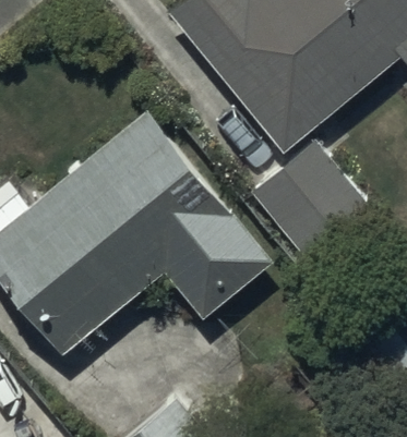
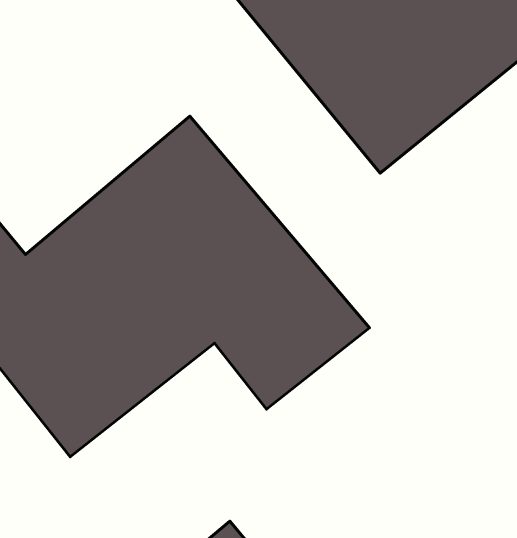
building: [250,144,367,259] -> none

